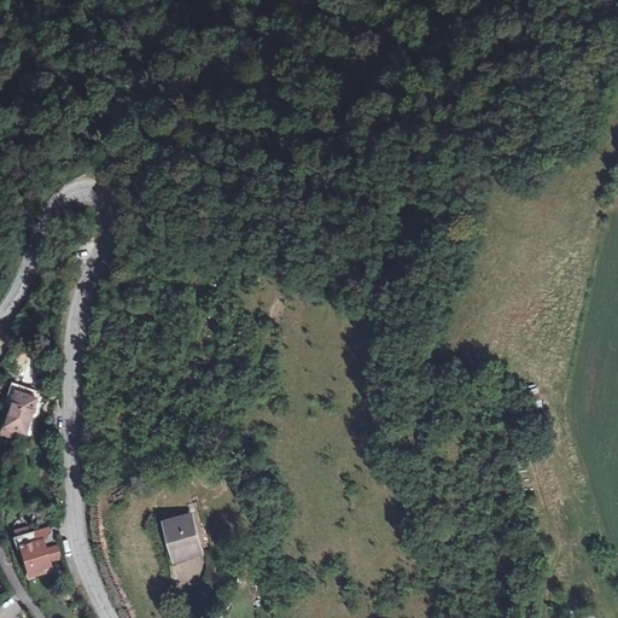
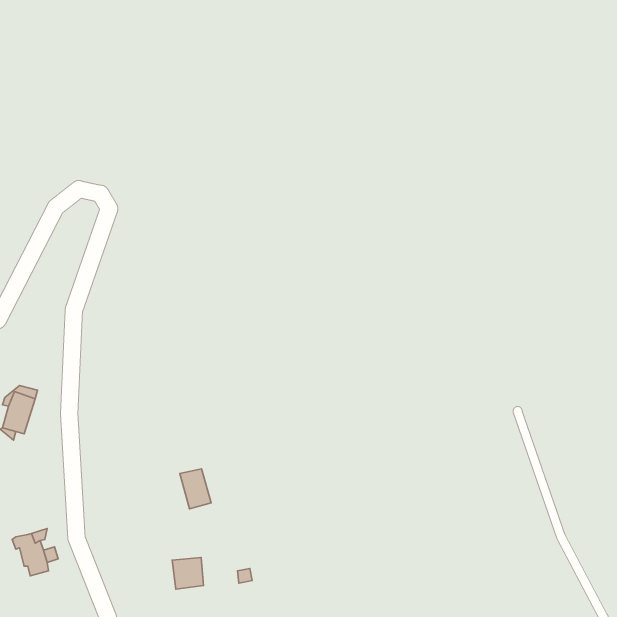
building: [167,515,198,555] -> [180,469,211,509]

